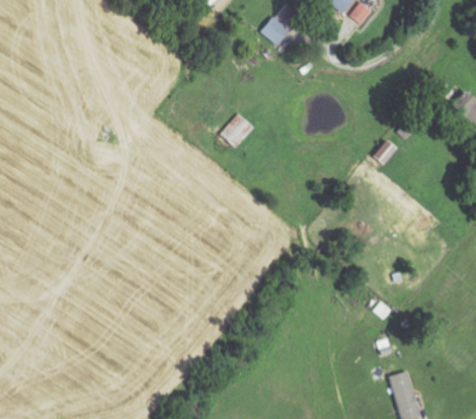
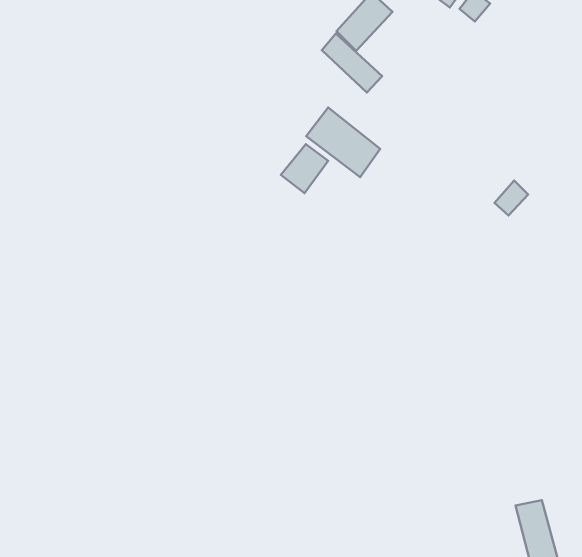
building: none -> [322,33,382,92]
building: none -> [306,107,380,177]

